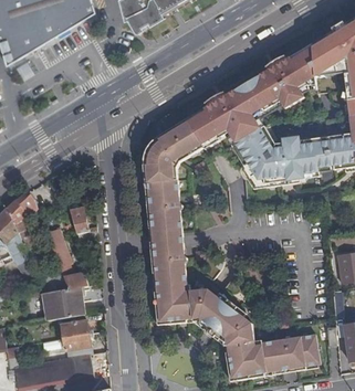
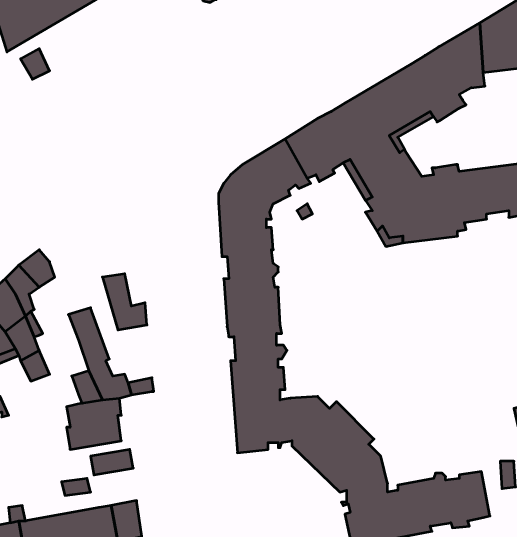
building: [63,332,92,358] -> none

